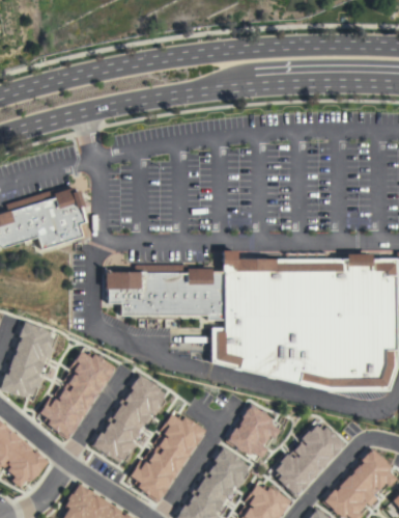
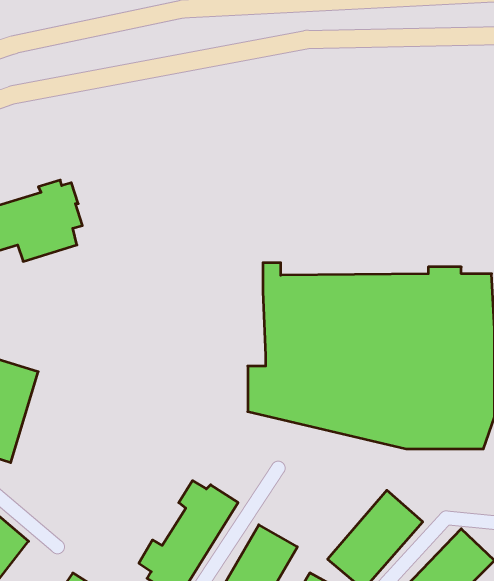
building: [106,264,225,320] -> none
building: [39,351,113,440] -> none
building: [94,375,167,464] -> none
building: [227,404,279,461] -> none

